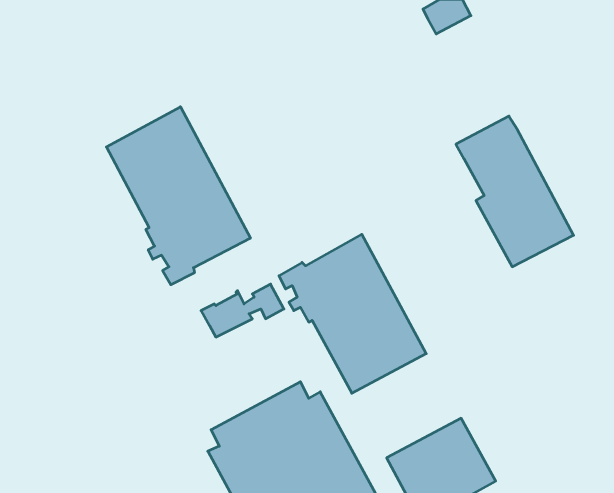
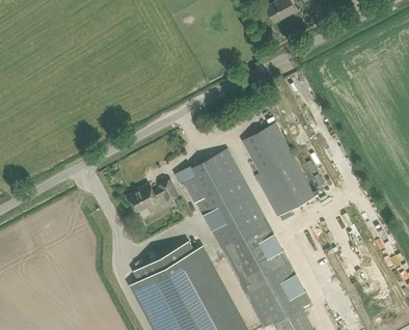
building: [106,107,250,285] -> none
building: [456,116,574,267] -> [242,123,316,218]
building: none -> [221,223,290,288]

